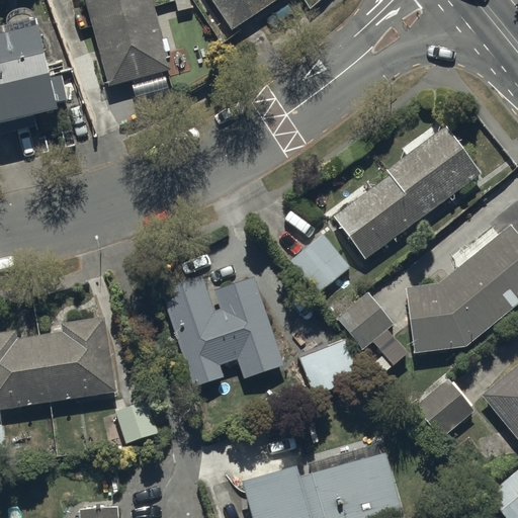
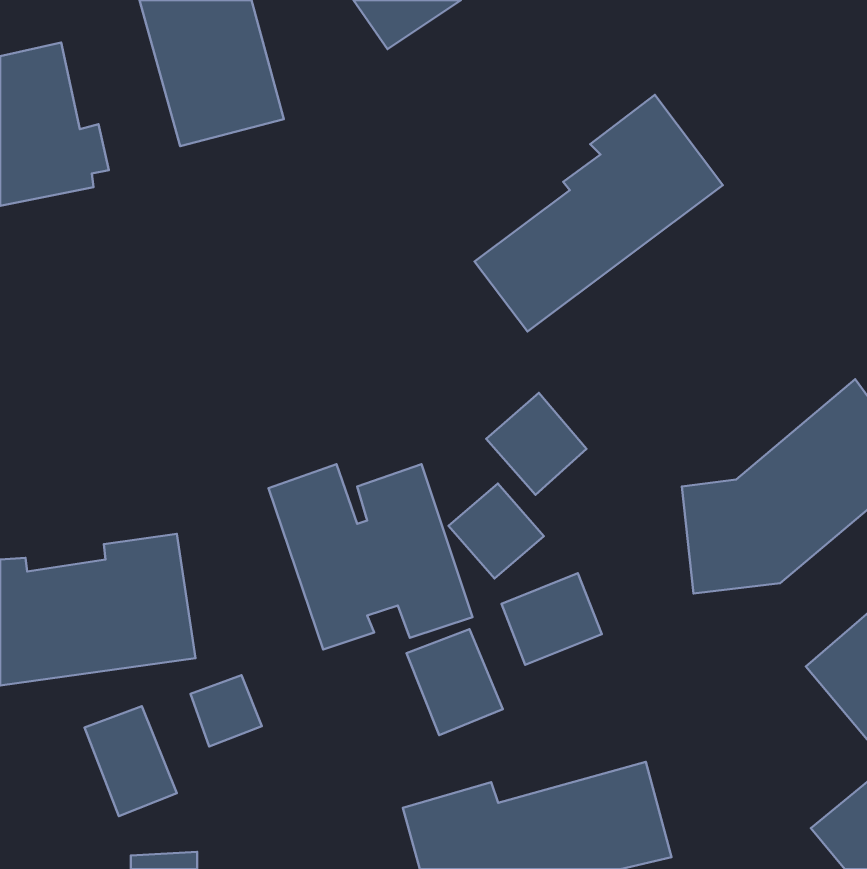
building: [333,119,481,260] -> [475,95,723,331]
building: [336,292,393,349] -> [449,483,544,579]
building: none -> [407,629,503,735]
building: [415,380,472,438] -> none
building: none -> [85,706,177,816]

